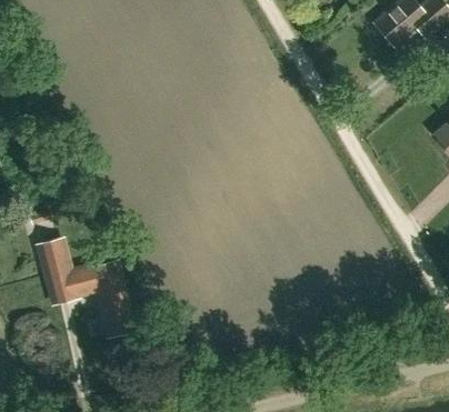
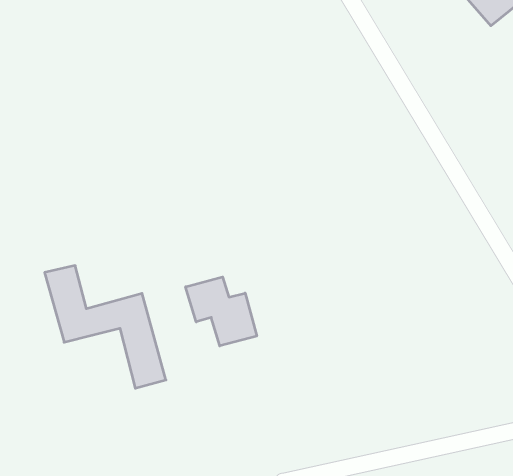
building: none -> [186,277,257,346]

